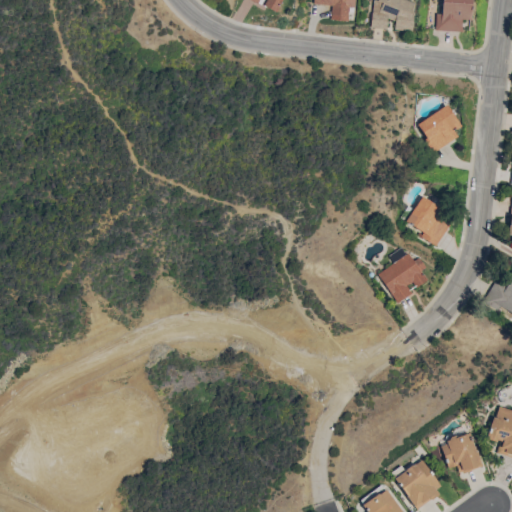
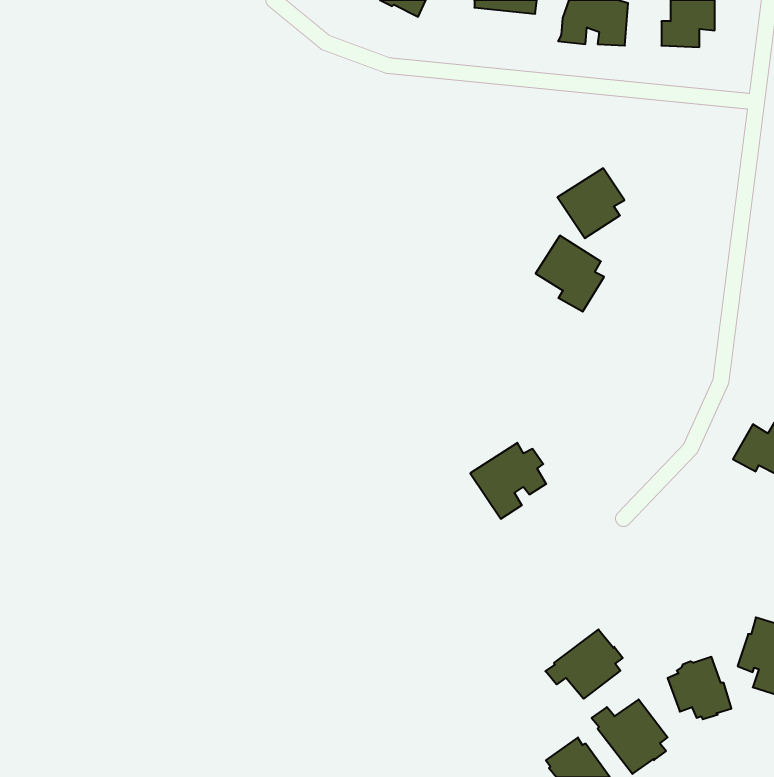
building: [417,105,461,151] -> [557,168,624,238]
building: [406,196,451,246] -> [536,236,604,312]
building: [378,253,428,303] -> [470,443,546,519]
building: none -> [545,629,623,699]

